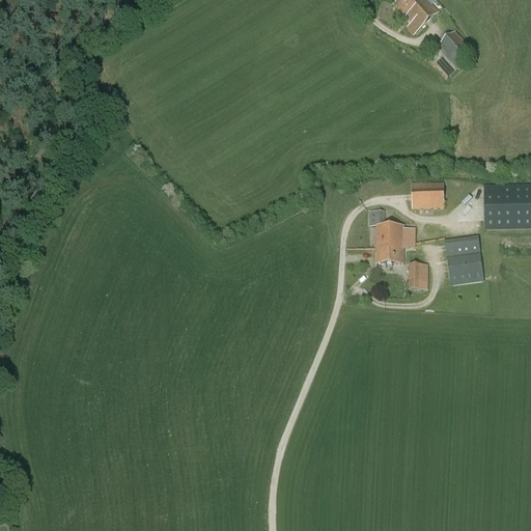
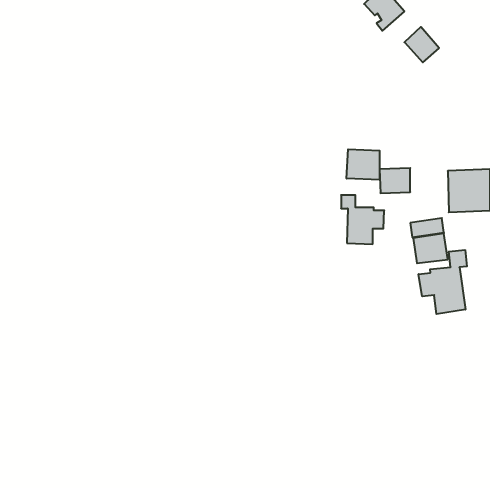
building: none -> [347,149,380,180]
building: [408,263,427,289] -> none
building: none -> [419,250,467,314]

